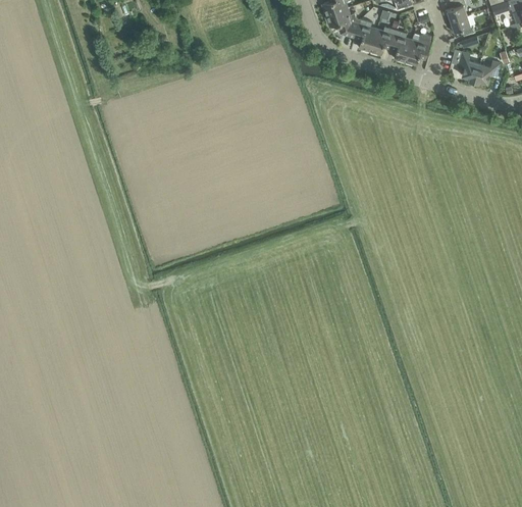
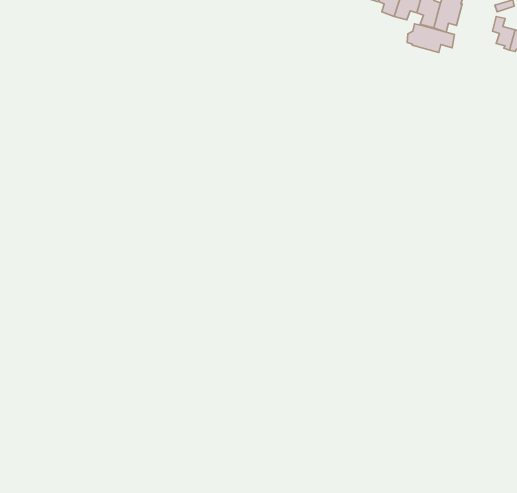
building: none -> [407,24,454,53]

